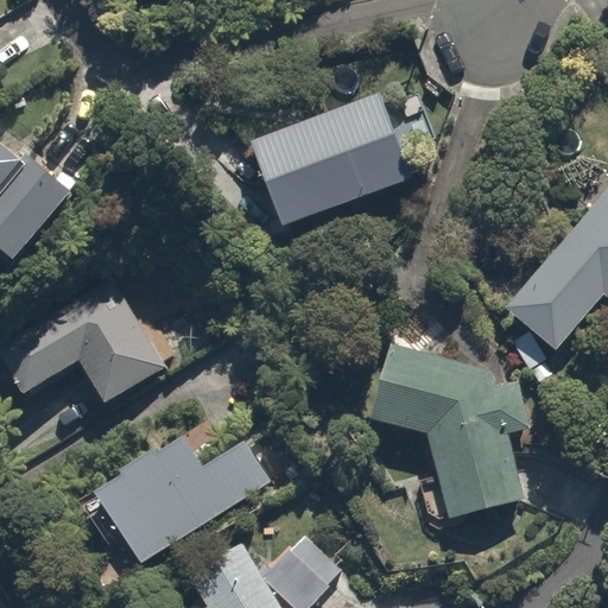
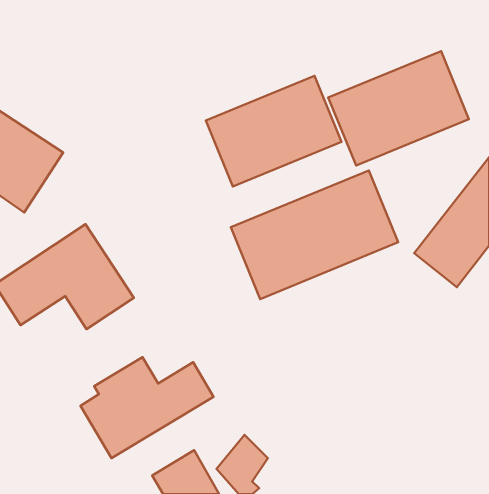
building: none -> [328,51,469,165]
building: none -> [231,170,398,299]
building: [375,355,533,520] -> none

